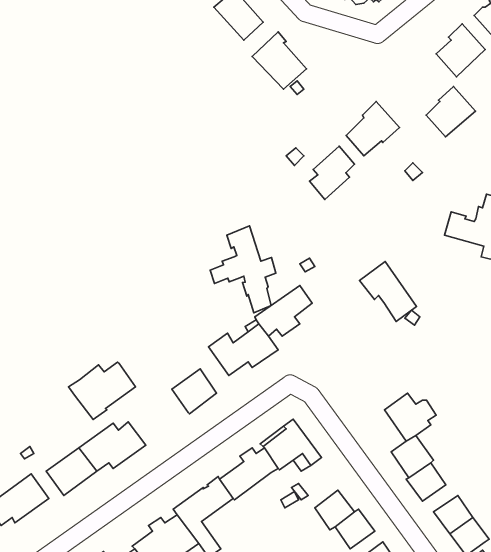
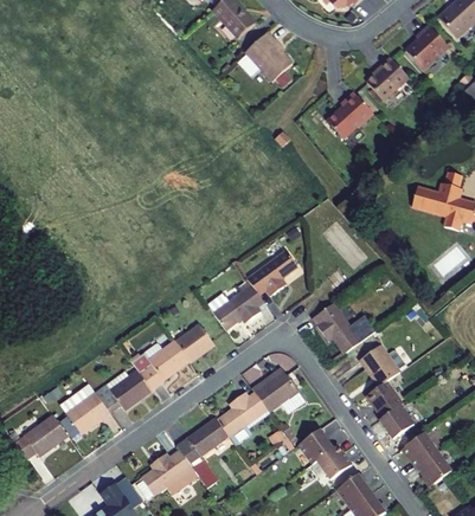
building: [426,86,475,137] -> [366,57,409,101]
building: [309,146,355,199] -> none
building: [210,226,276,313] -> none
building: [359,261,417,321] -> [312,302,361,354]
building: [69,362,135,420] -> [131,340,190,389]

